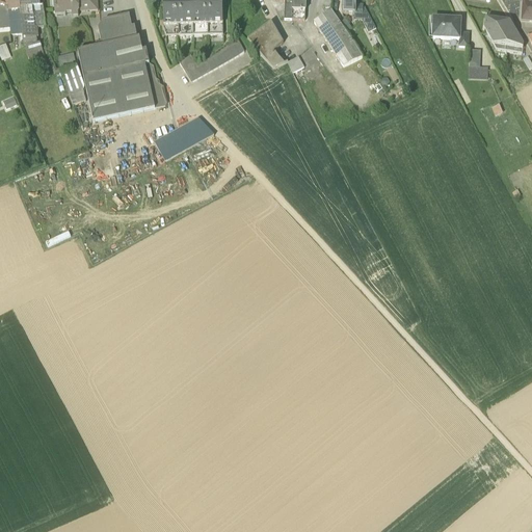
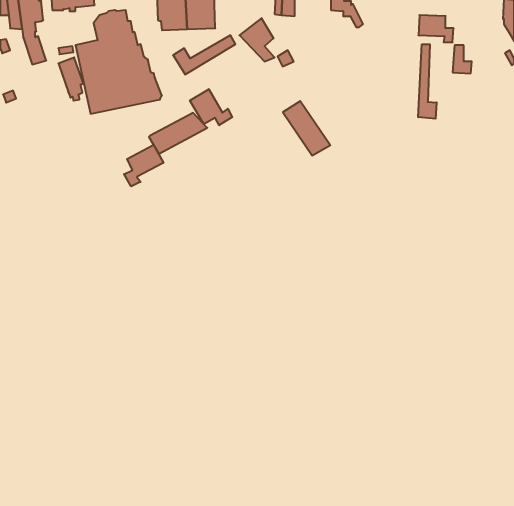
building: [313,7,362,63] -> [283,101,330,155]
building: [483,15,523,50] -> none
building: none -> [418,44,437,119]
building: none -> [190,89,232,125]
building: none -> [124,145,163,186]

